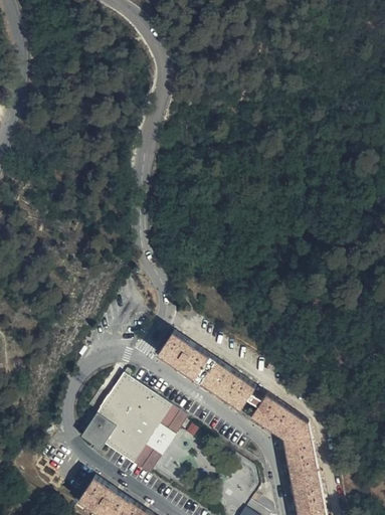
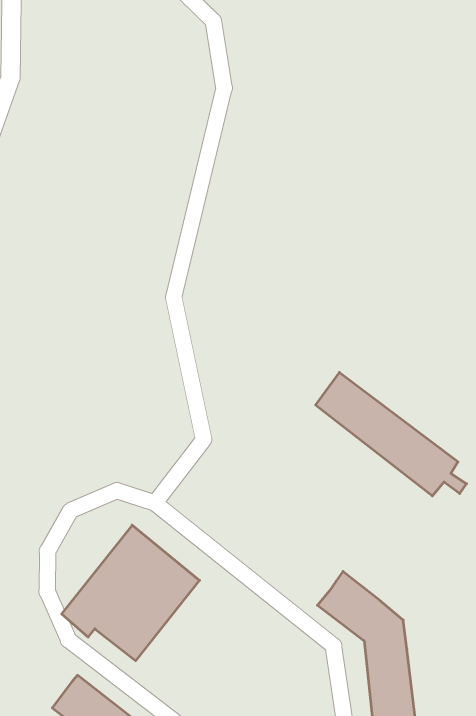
building: [157,333,262,410] -> [316,372,467,496]
building: [133,407,188,476] -> none

